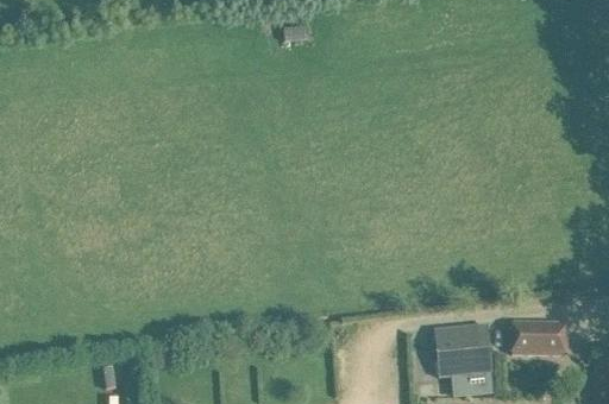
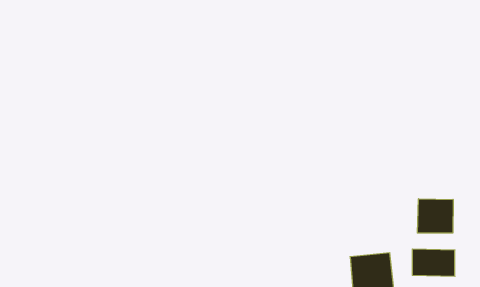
building: none -> [417,199,453,233]

